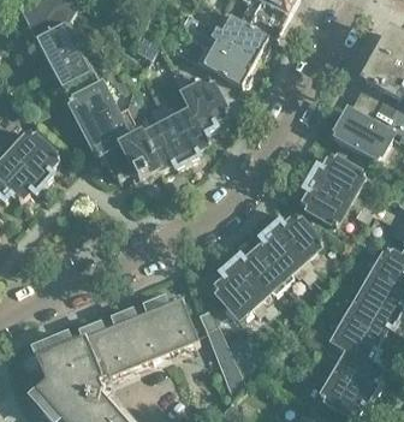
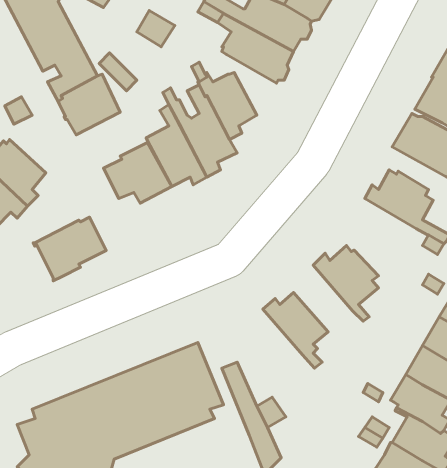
building: [81,106,138,156] -> [33,217,106,281]
building: [301,177,351,225] -> none
building: [254,230,309,283] -> none
building: [212,265,271,317] -> none

